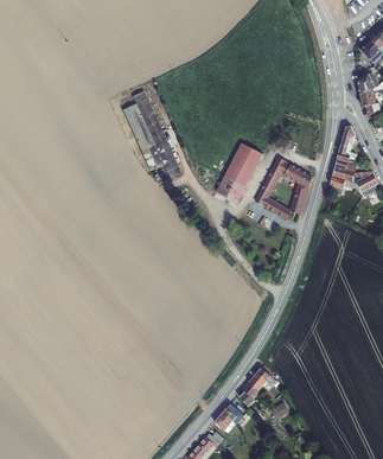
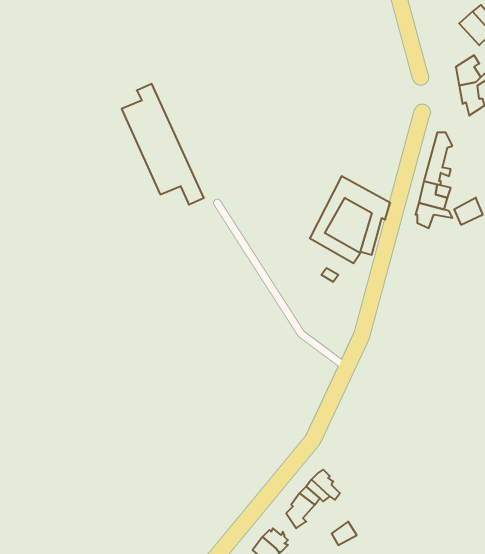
building: [217,142,263,202] -> none

